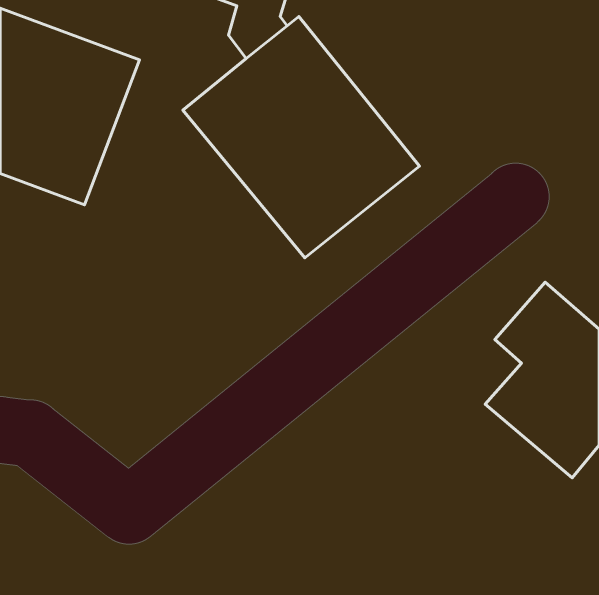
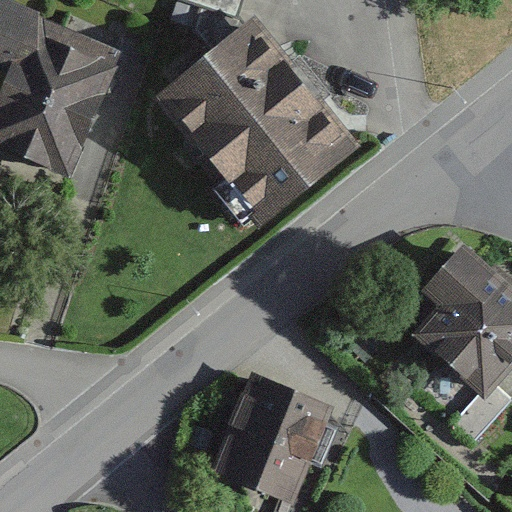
building: none -> [210,377,329,503]

